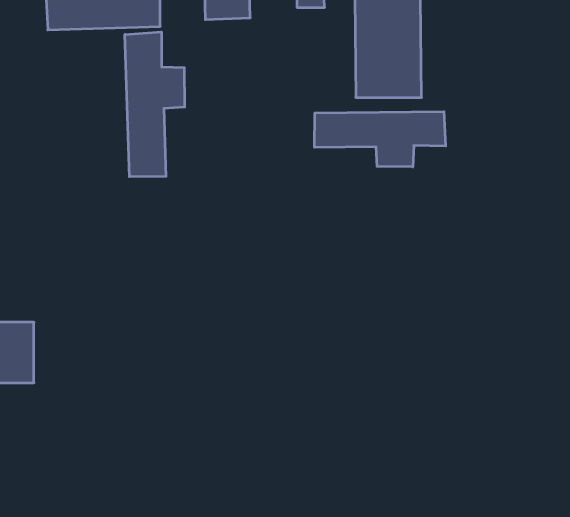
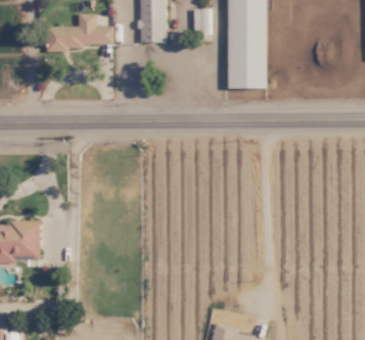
building: [125,32,185,177] -> none
building: [315,112,446,167] -> none

